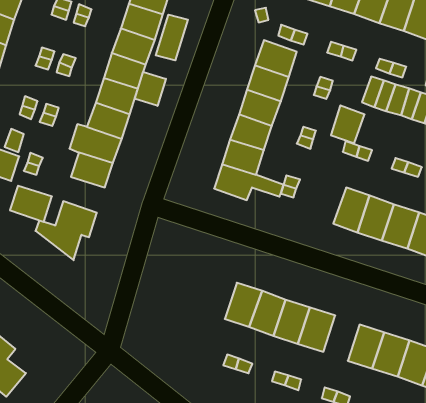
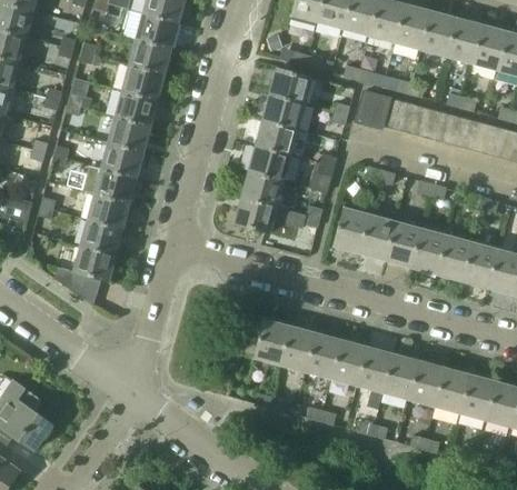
building: [156,15,188,60] -> none
building: [135,72,166,106] -> none
building: [331,105,365,143] -> [356,90,389,128]
building: none -> [334,207,370,251]
building: [10,186,52,222] -> [80,219,122,254]
building: none -> [357,346,392,391]

